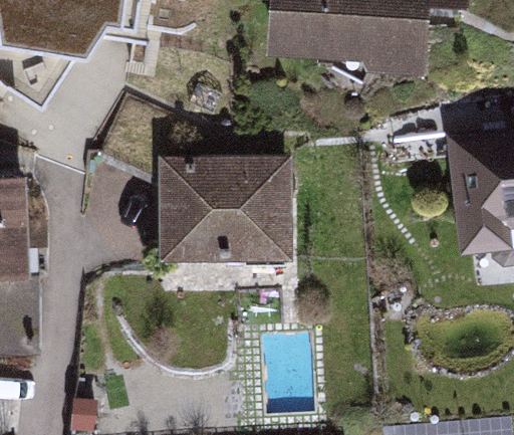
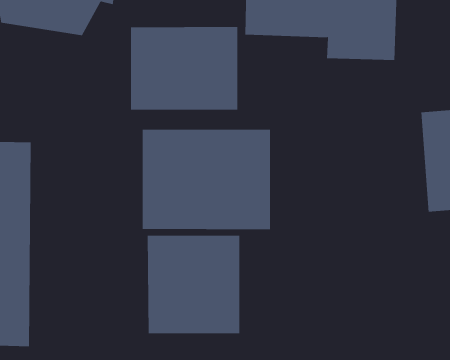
building: none -> [131,26,238,110]
building: none -> [147,235,240,334]

